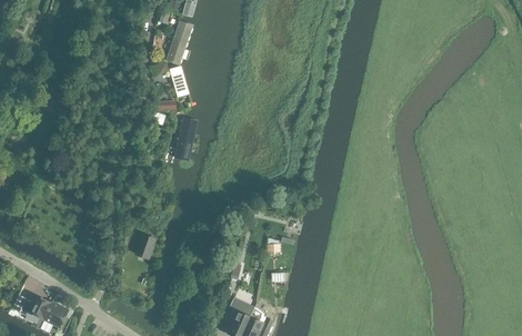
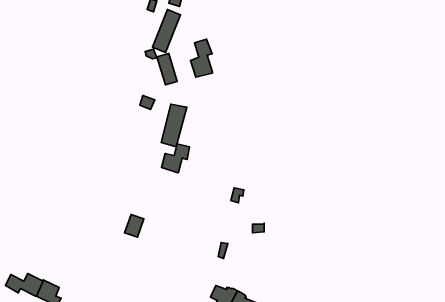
building: none -> [191,39,212,77]
building: none -> [161,144,189,173]

